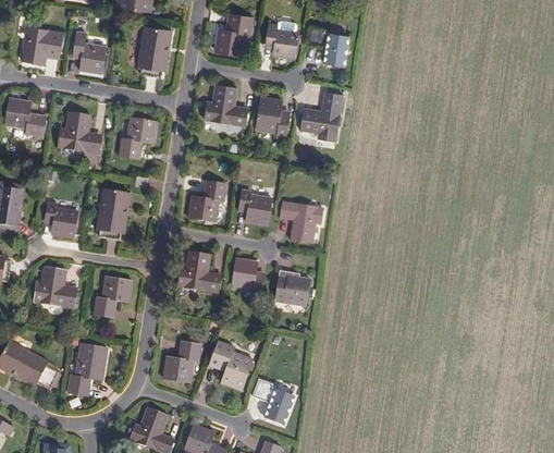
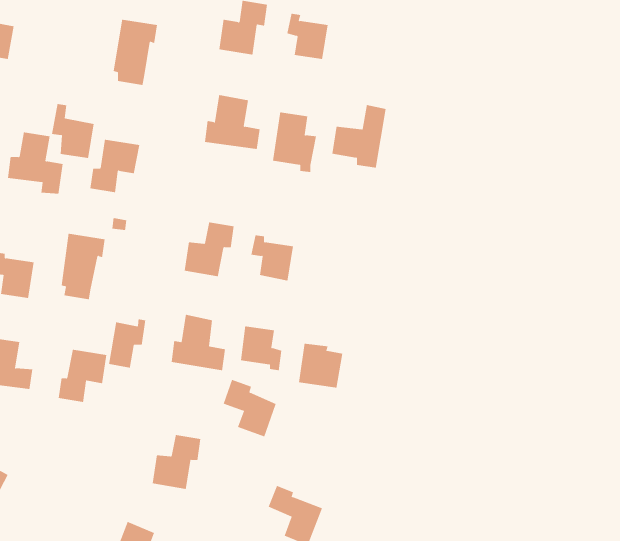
building: [308,26,348,65] -> none
building: [73,32,106,73] -> [51,104,95,159]
building: [281,200,324,243] -> none
building: none -> [109,318,146,369]
building: [69,343,108,394] -> none
building: [210,345,250,389] -> [223,379,276,437]

